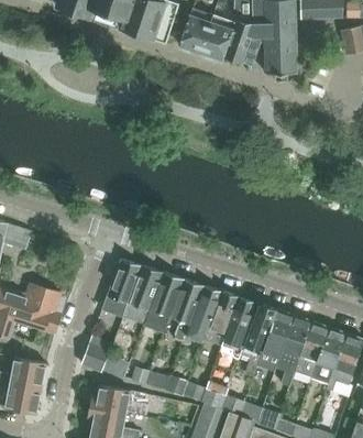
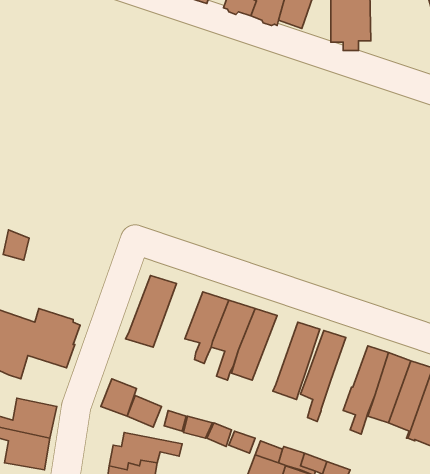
building: [123,266,163,324] -> none
building: [204,292,239,347] -> none
building: [257,309,295,372] -> none

